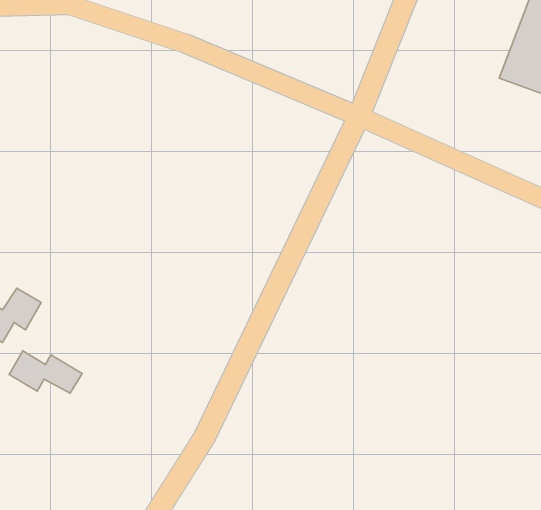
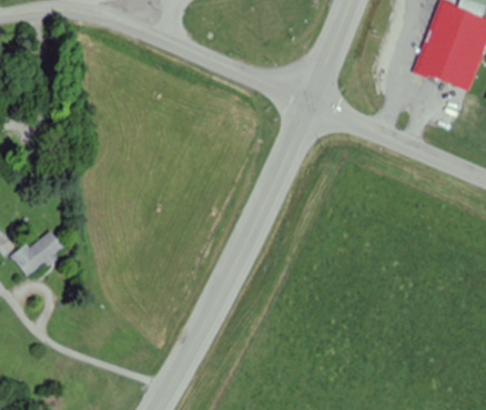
building: [9,351,82,393] -> none

